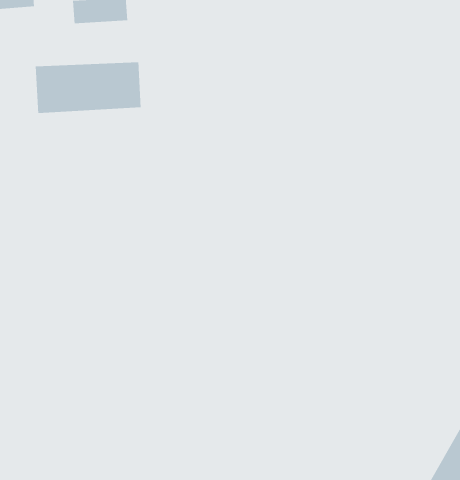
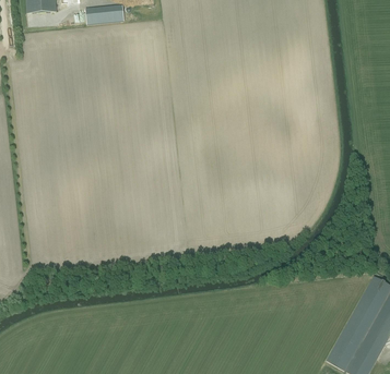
building: [35,62,141,114] -> none

